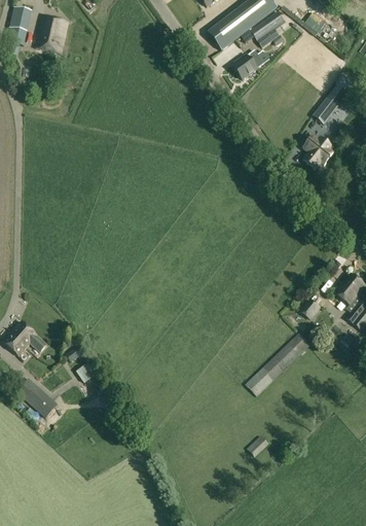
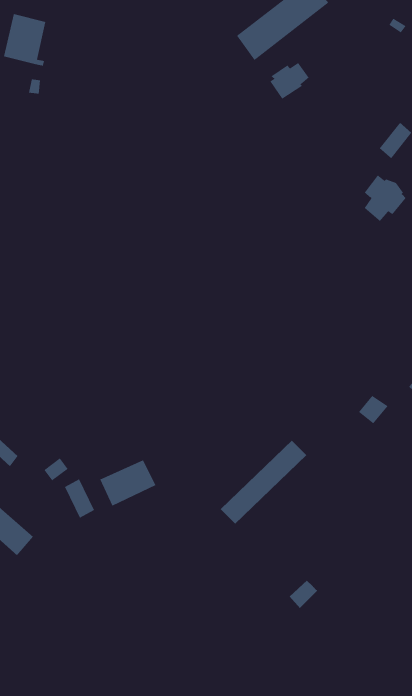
building: [251,11,286,47] -> none
building: [245,332,309,395] -> [220,440,307,524]
building: none -> [100,459,156,506]

